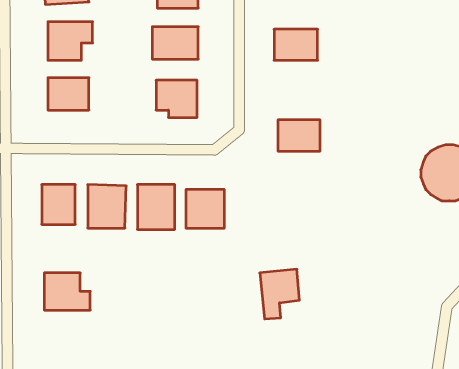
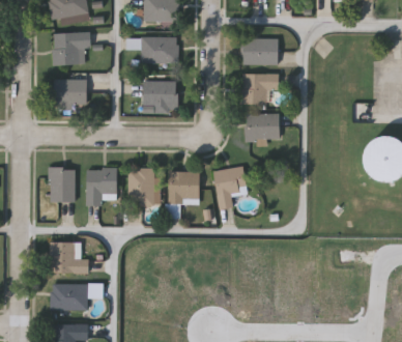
building: none -> [241,75,279,106]
building: [260,269,299,319] -> [213,168,247,209]
building: none -> [51,284,87,310]

